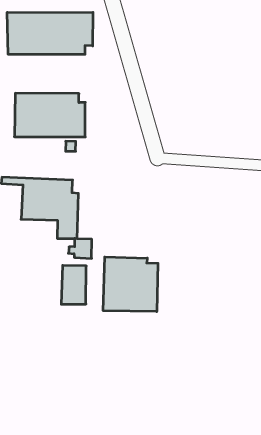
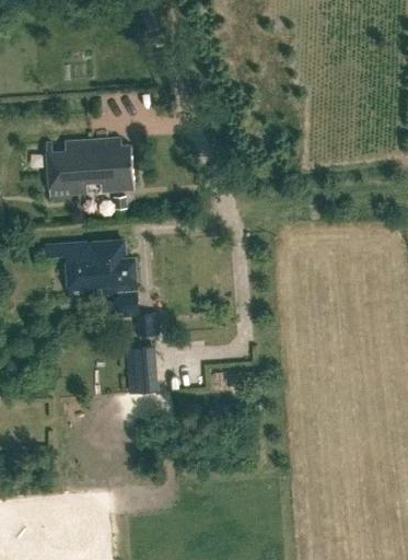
building: [7,12,93,54] -> none
building: [103,257,158,312] -> none

